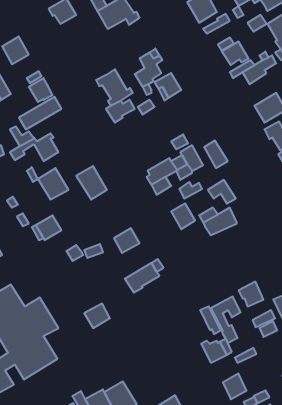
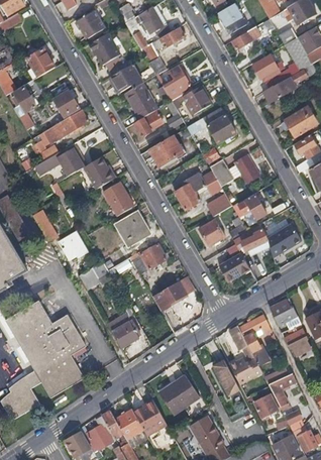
building: none -> [141,26,185,75]
building: none -> [88,32,123,71]
building: none -> [109,64,143,93]
building: none -> [203,106,236,143]
building: none -> [150,135,183,166]
building: [38,168,68,200] -> [84,156,115,189]
building: none -> [117,212,150,250]
building: none -> [268,221,303,256]
building: none -> [220,252,250,279]
building: none -> [210,360,238,393]
building: none -> [270,372,296,408]
building: none -> [156,374,197,415]

